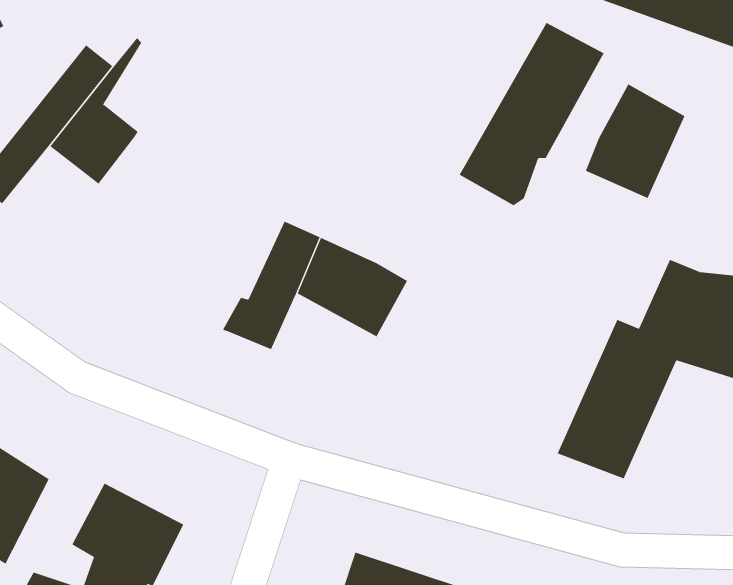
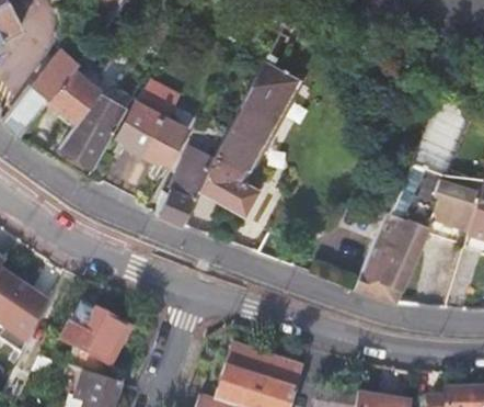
building: [459,22,604,206] -> [214,59,301,170]
building: [585,84,685,199] -> none
building: none -> [119,81,189,161]
building: none -> [59,94,127,167]

